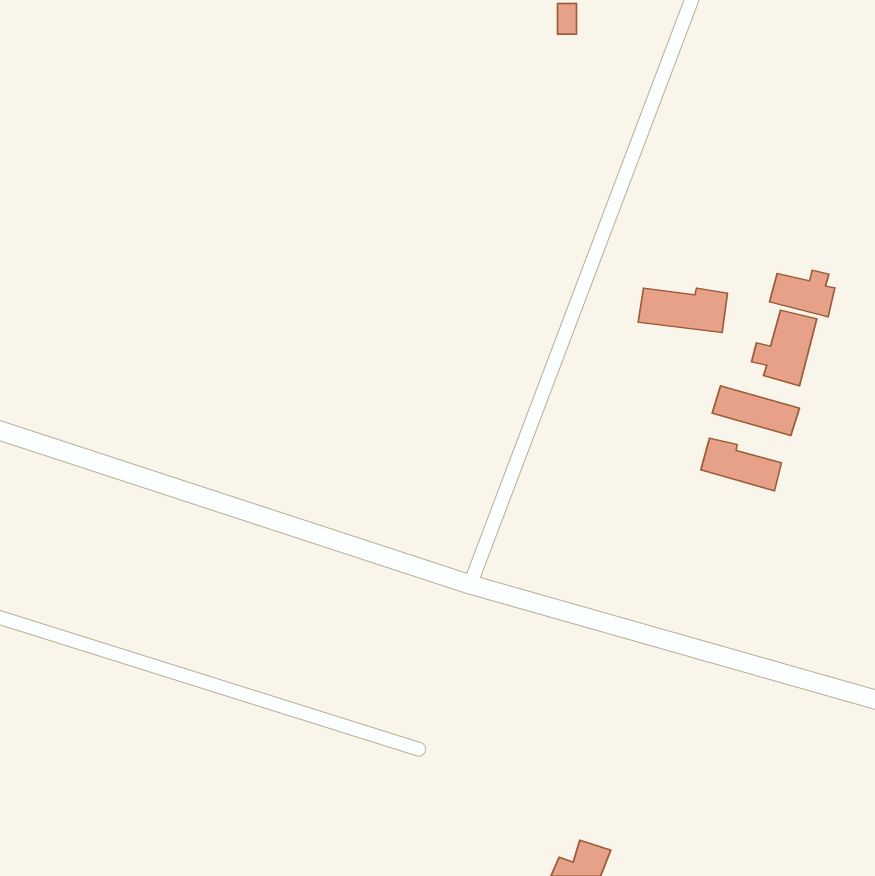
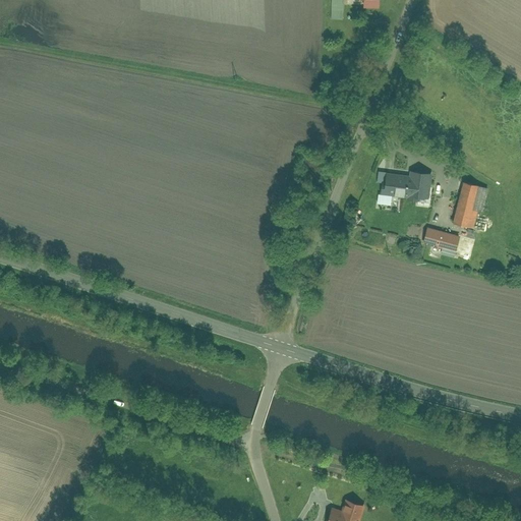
building: [769,270,835,317] -> none
building: [701,438,782,491] -> none

